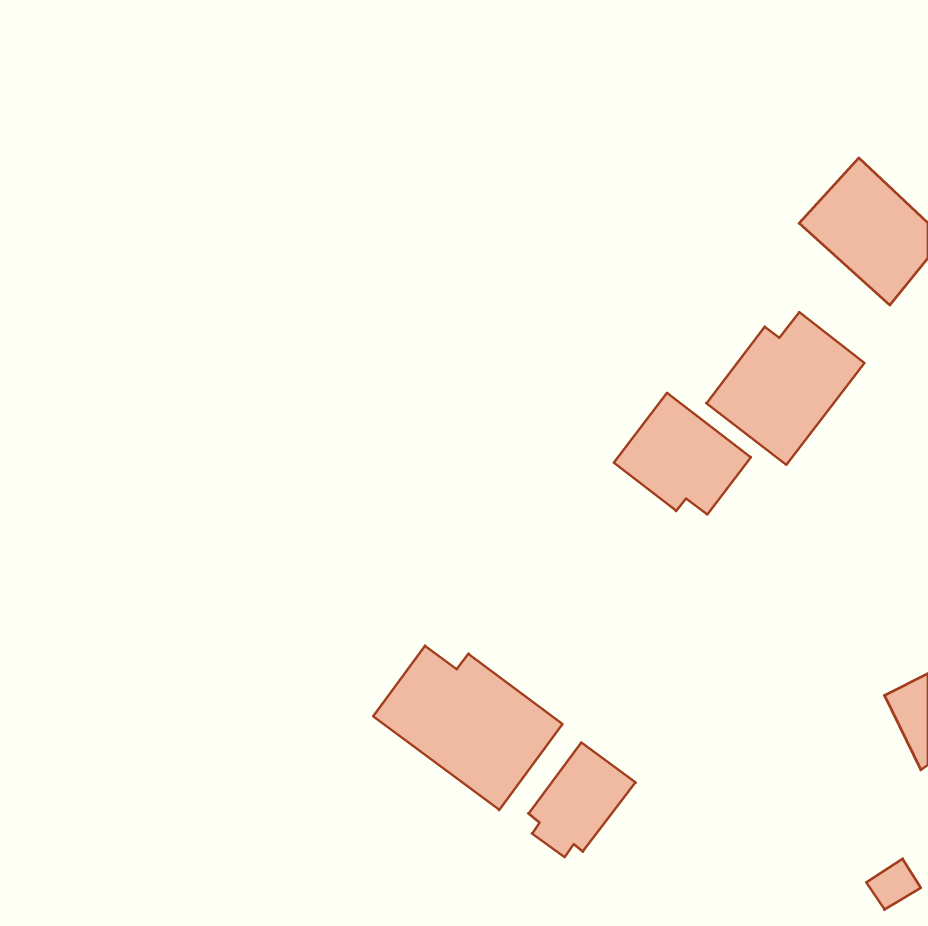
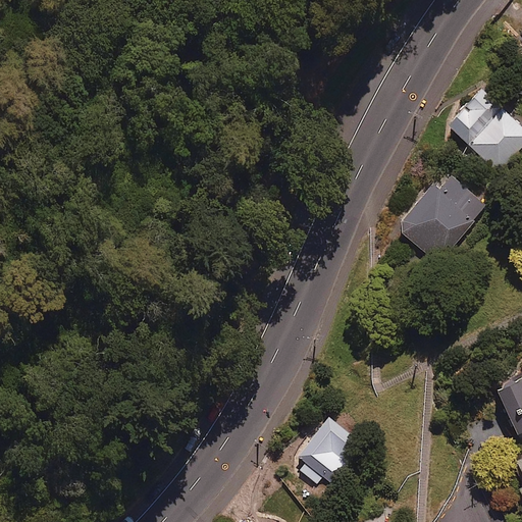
building: [614,393,751,514] -> none
building: [373,646,562,810] -> none

